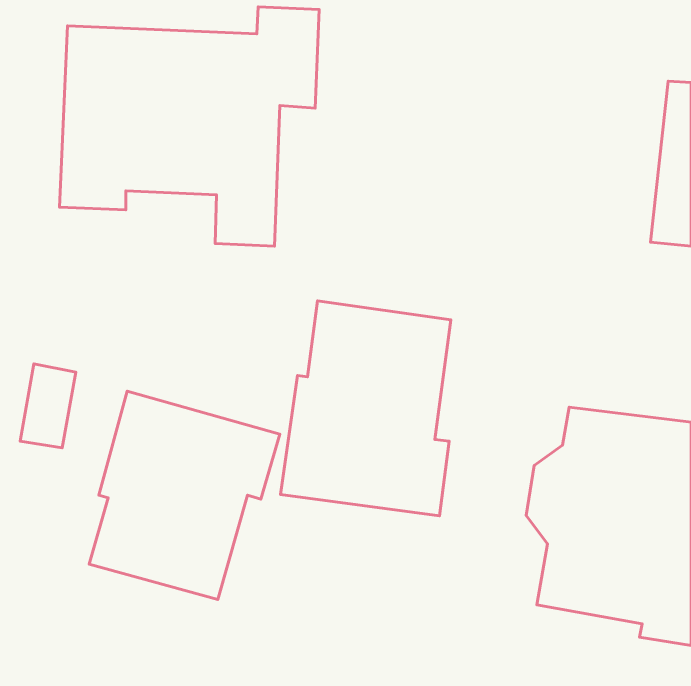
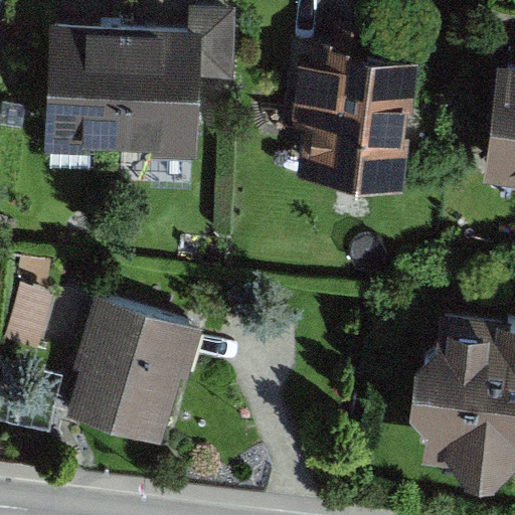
building: none -> [275,40,420,194]
building: [281,301,451,516] -> none

